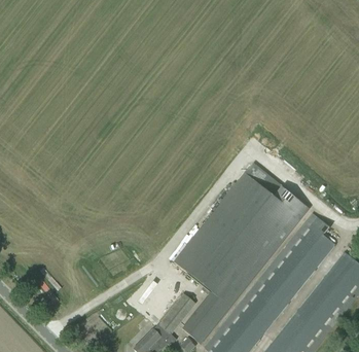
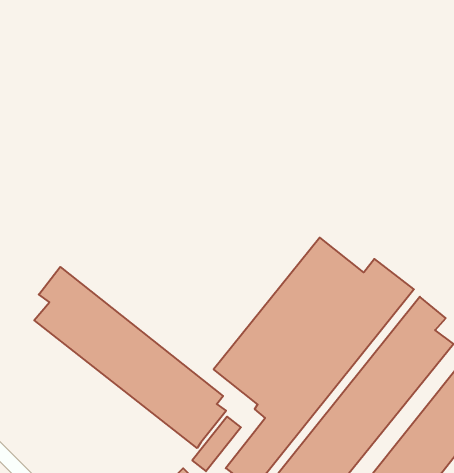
building: none -> [34,267,226,448]

